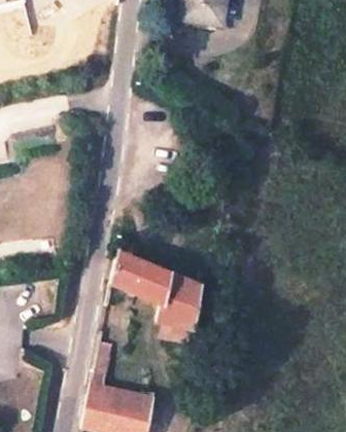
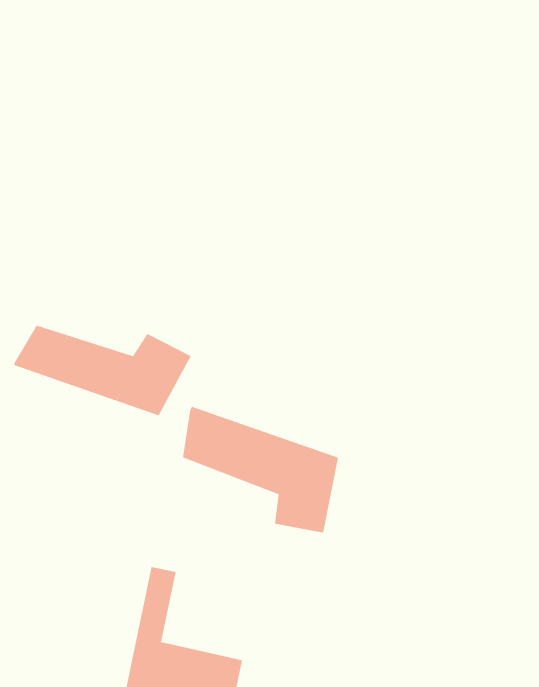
building: none -> [14,325,191,416]

